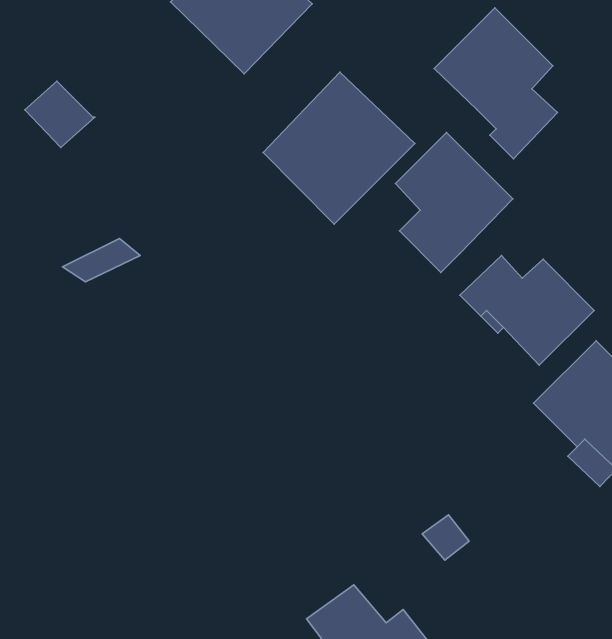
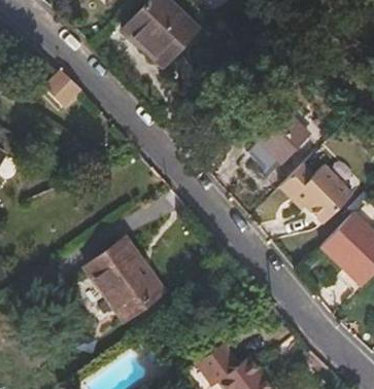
building: [434,8,558,159] -> none
building: [263,72,415,224] -> none
building: none -> [84,239,163,320]

